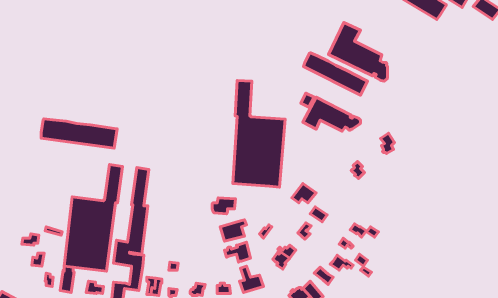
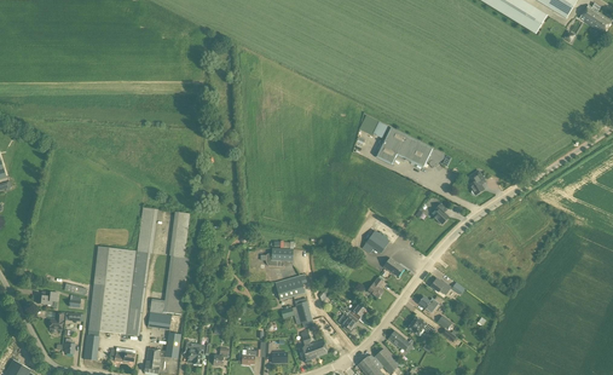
building: [328,23,388,81] -> none
building: [303,53,368,95] -> none
building: [233,80,285,187] -> none
building: [41,119,117,148] -> none

